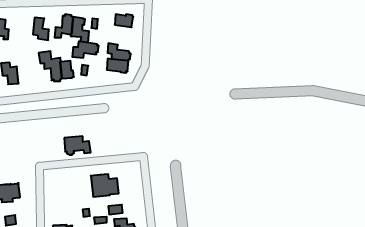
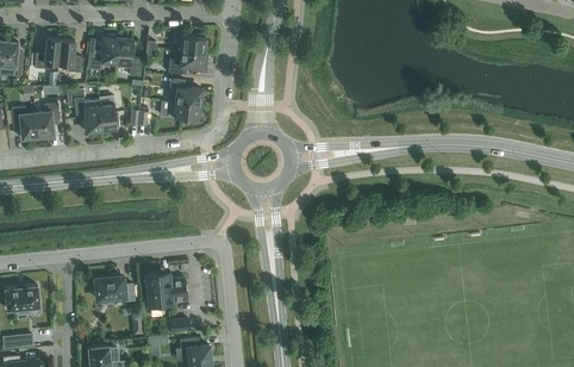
building: none -> [33,38,61,69]
building: [72,42,99,58] -> [168,50,207,74]
building: none -> [35,102,60,137]
building: [64,136,91,155] -> [95,276,135,304]

